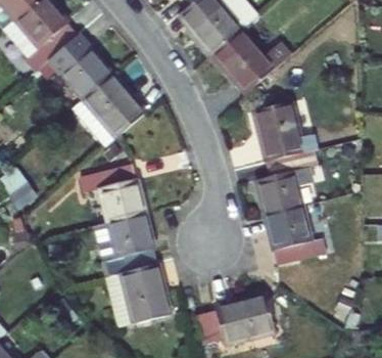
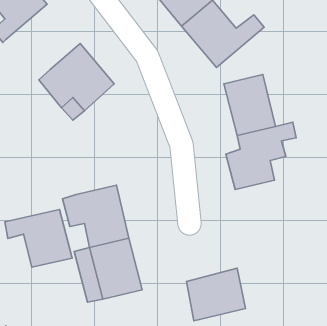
building: [37,33,110,97] -> none
building: [80,164,146,221] -> [5,209,72,267]
building: [264,207,326,266] -> none

